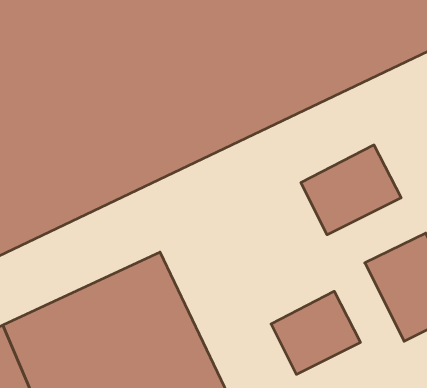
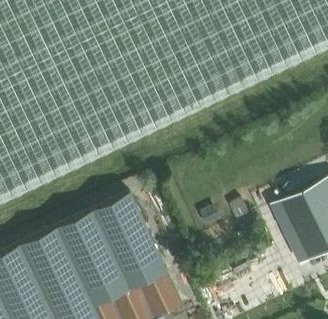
building: [301,145,401,235] -> none
building: [271,291,360,374] -> none

